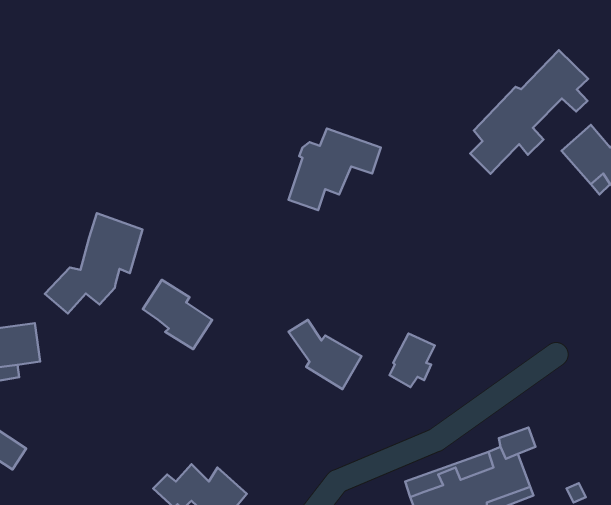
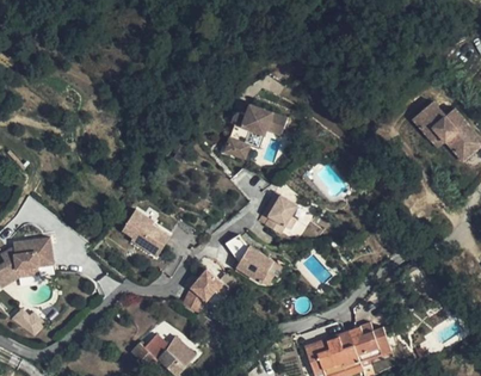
building: [470,50,588,174] -> none
building: [45,213,142,313] -> none
building: [390,333,435,387] -> [264,193,295,230]
building: none -> [181,267,228,313]

